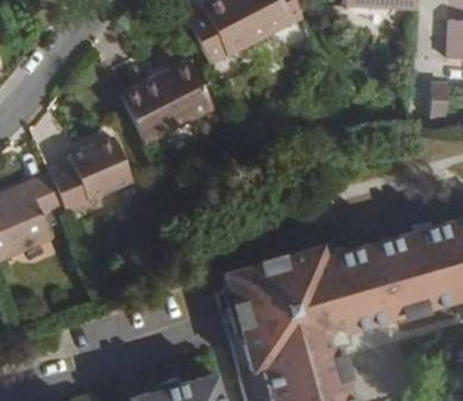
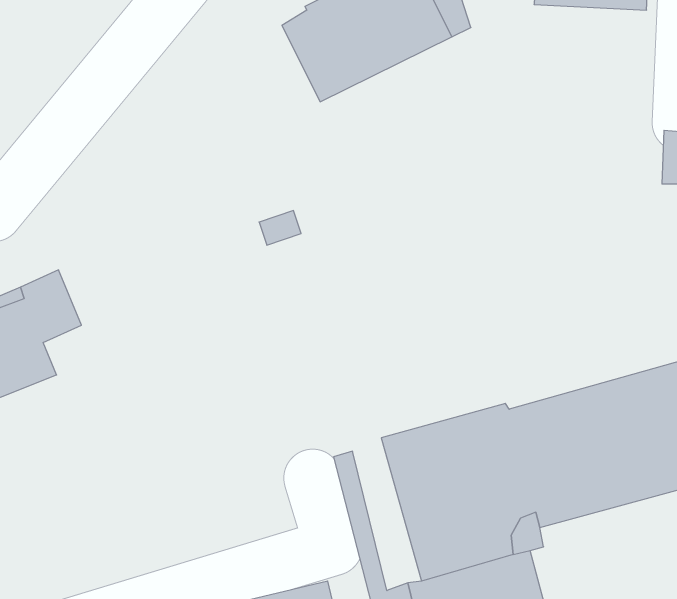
building: [118,59,213,143] -> none
building: [48,137,130,214] -> none
building: [227,245,326,370] -> none

